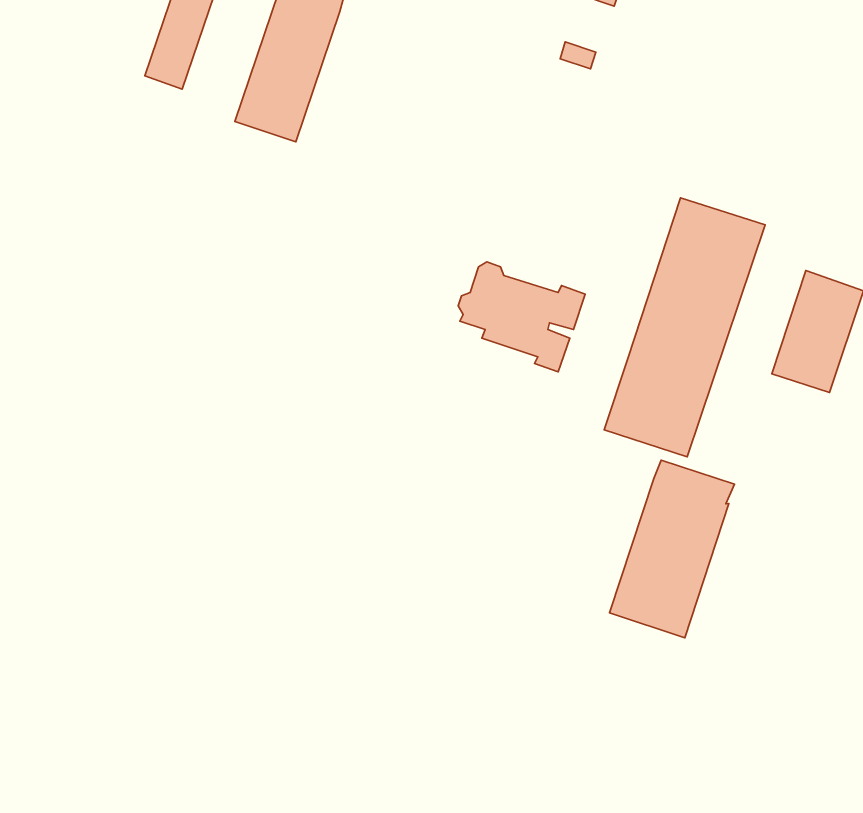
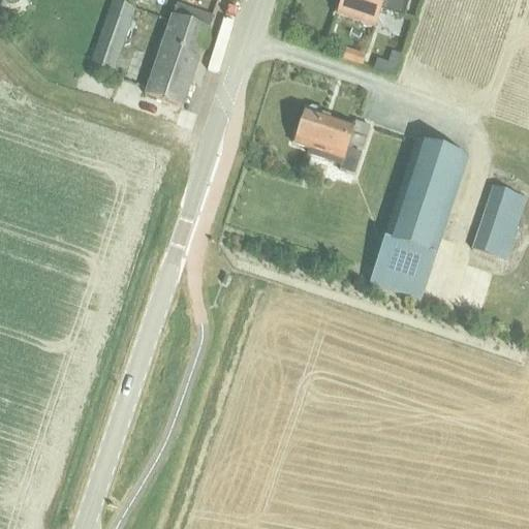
building: [458,262,585,372] -> [293,103,371,170]
building: [610,460,735,638] -> none

